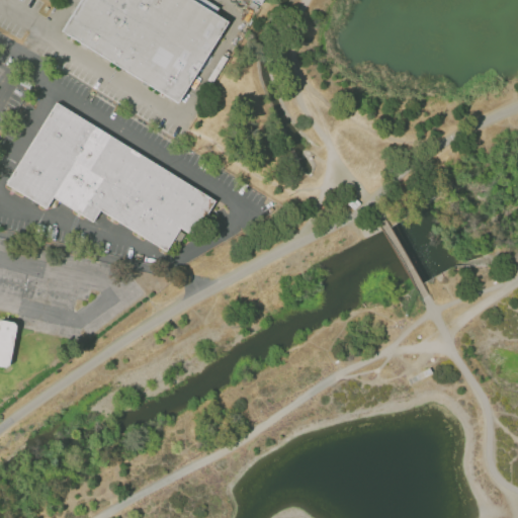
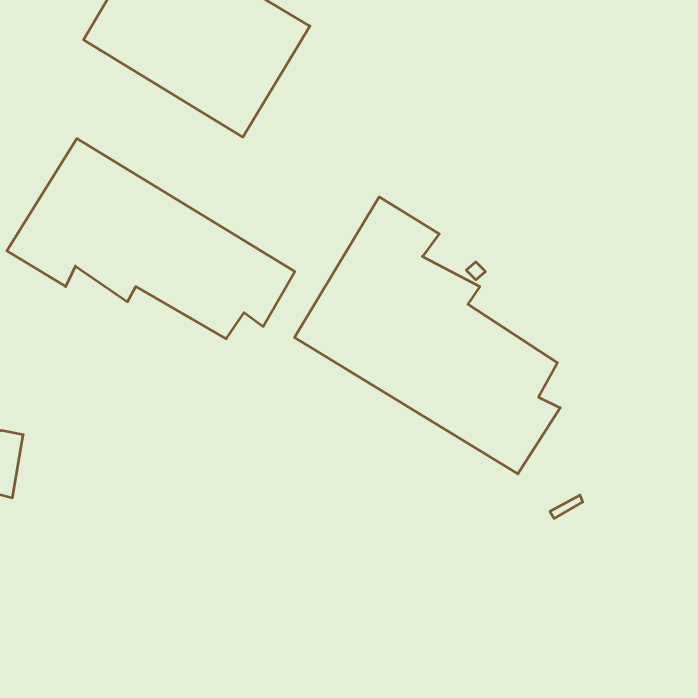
building: none -> [295,197,560,474]

